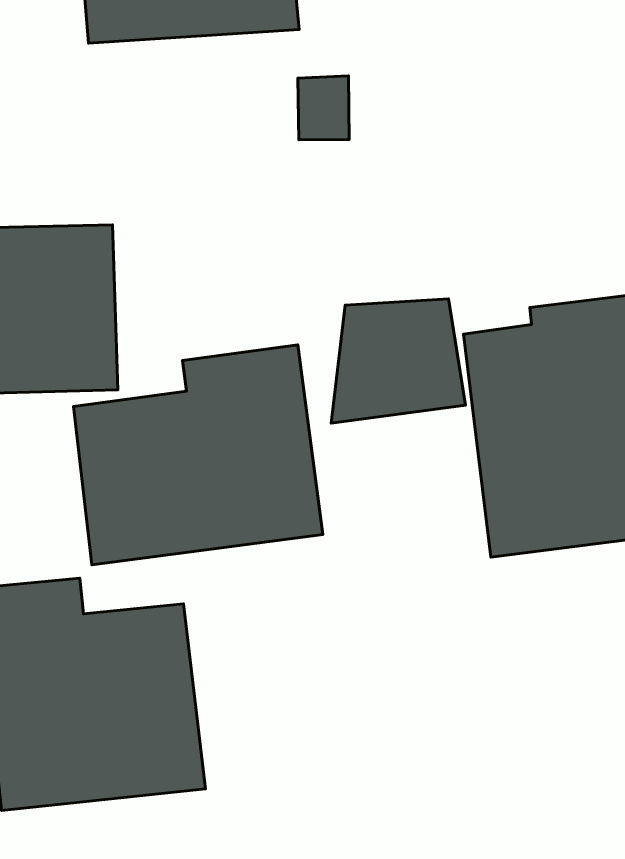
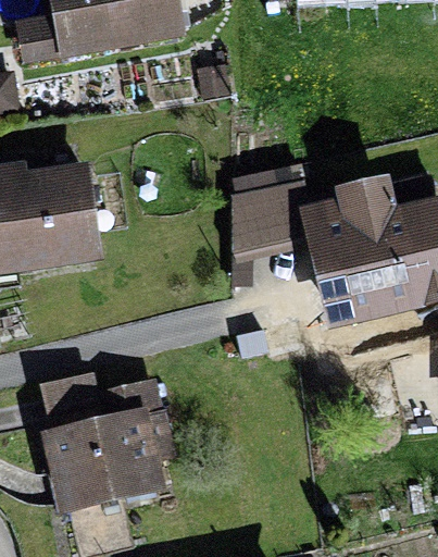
building: [73,345,323,565] -> none

